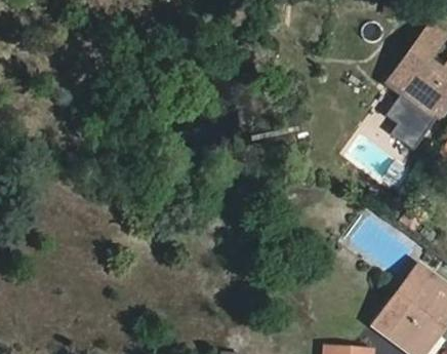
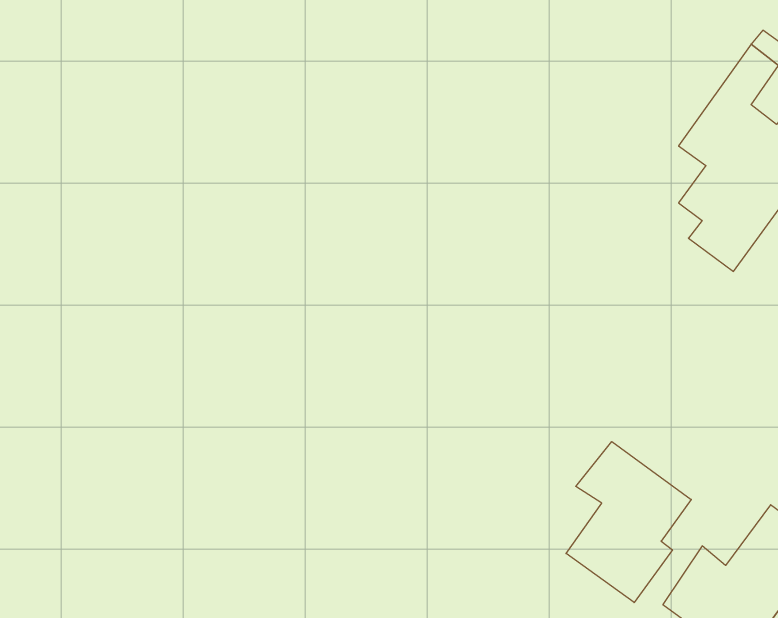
building: none -> [566,442,691,603]

